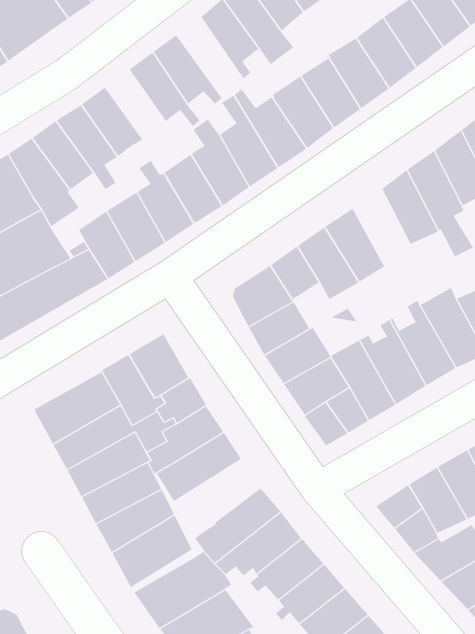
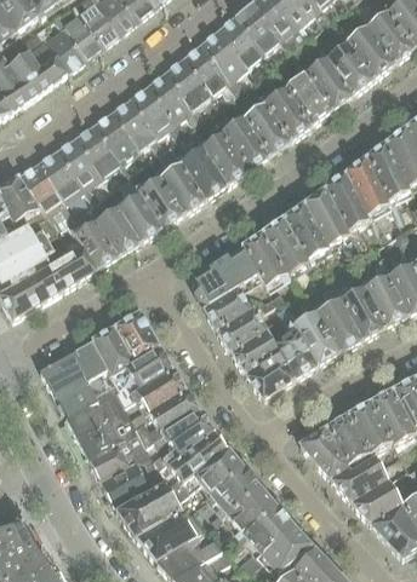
building: none -> [149,70,200,132]
building: none -> [95,110,141,163]
building: none -> [284,201,330,258]
building: none -> [147,407,213,467]

